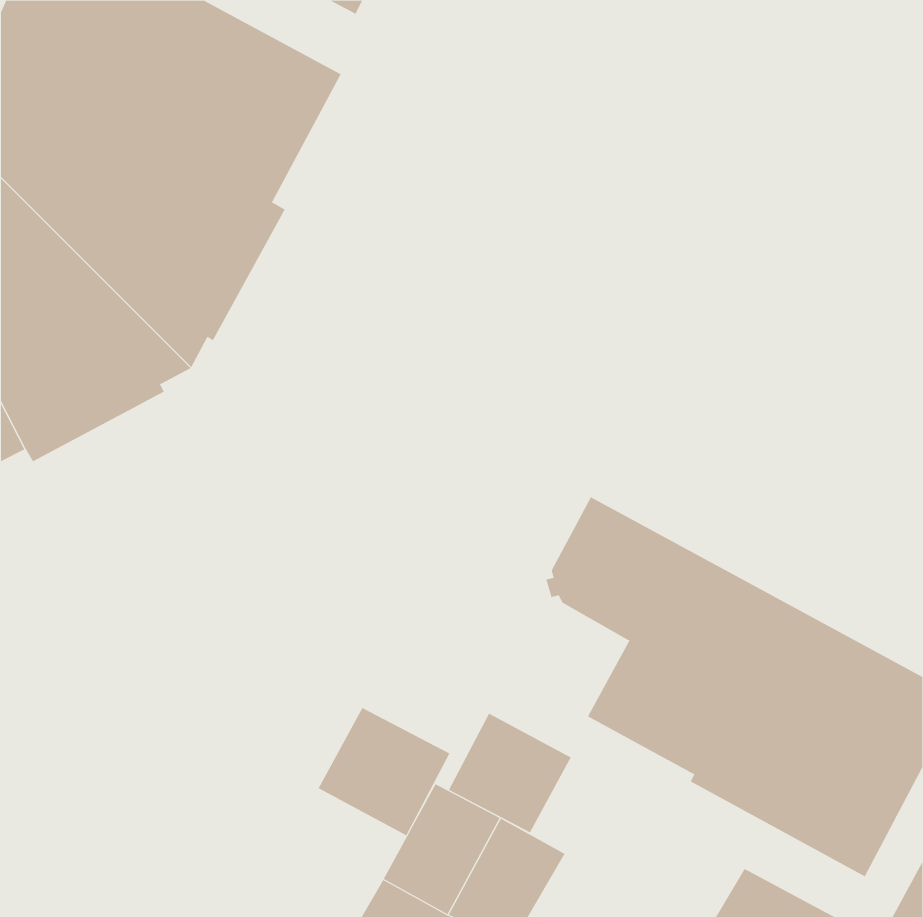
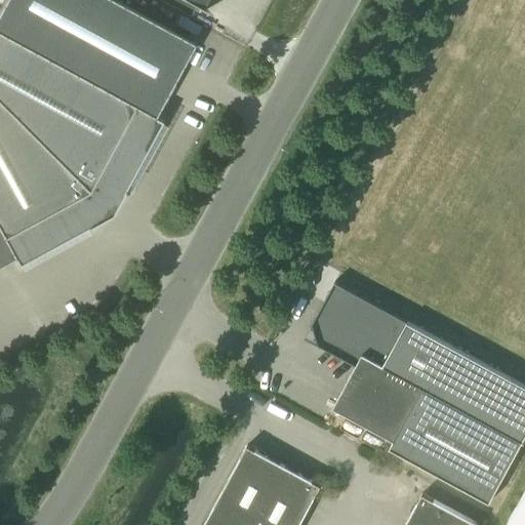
building: [318,707,450,836] -> none
building: [448,713,572,833] -> none

